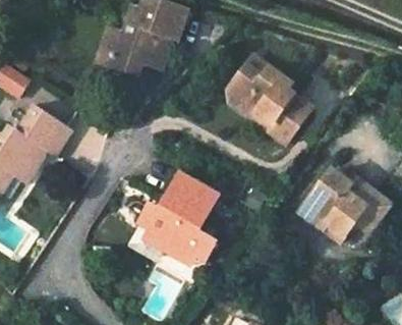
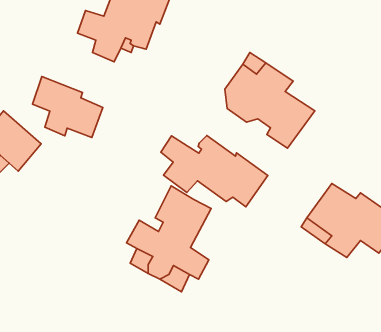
building: none -> [33,76,103,138]
building: none -> [161,135,268,207]

